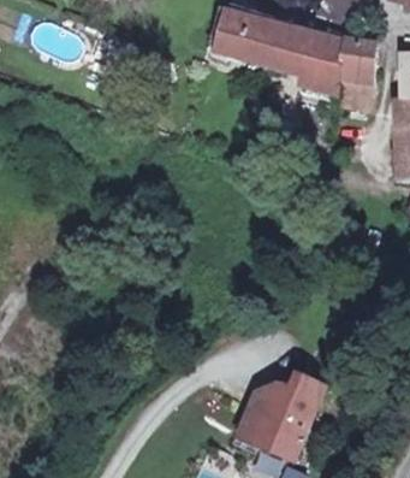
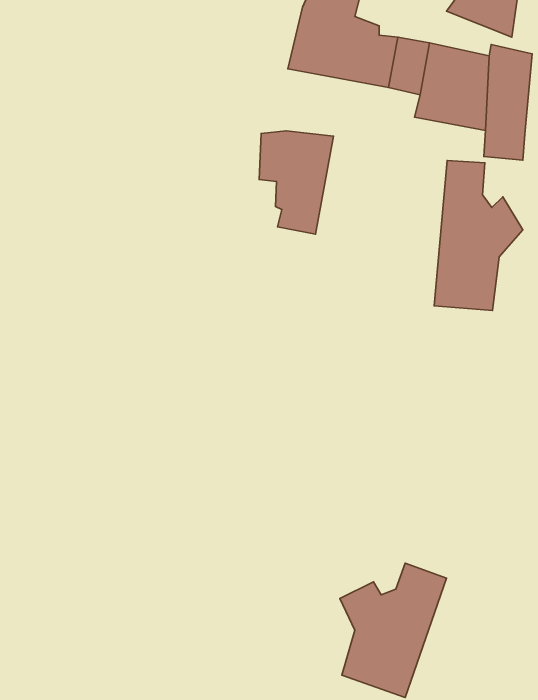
building: none -> [259,131,334,234]
building: none -> [434,160,523,310]

